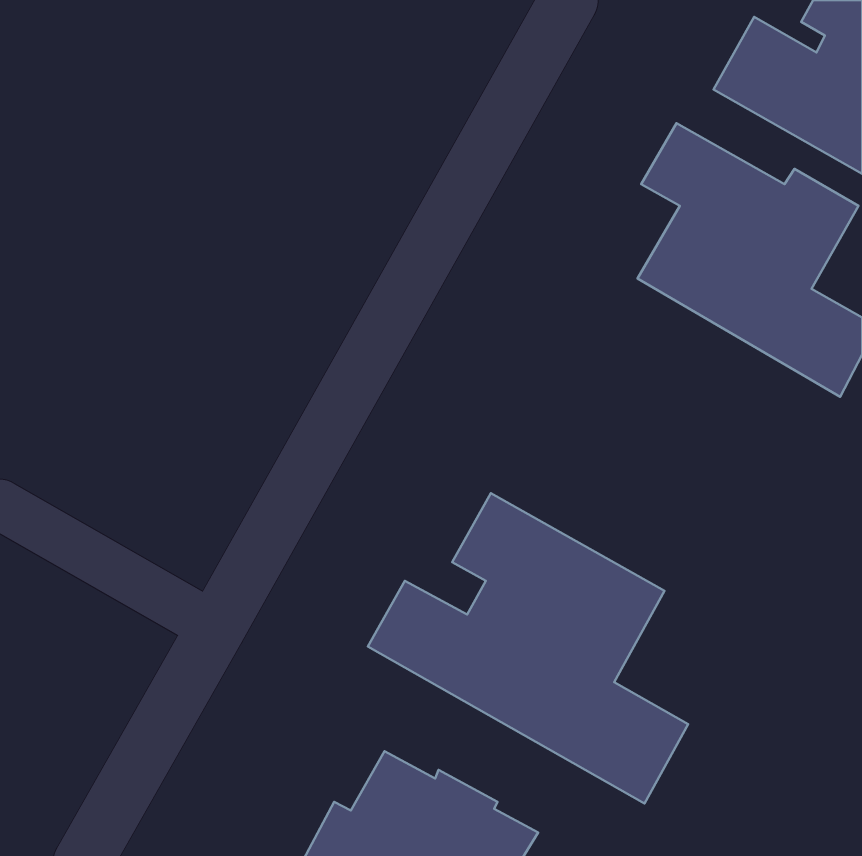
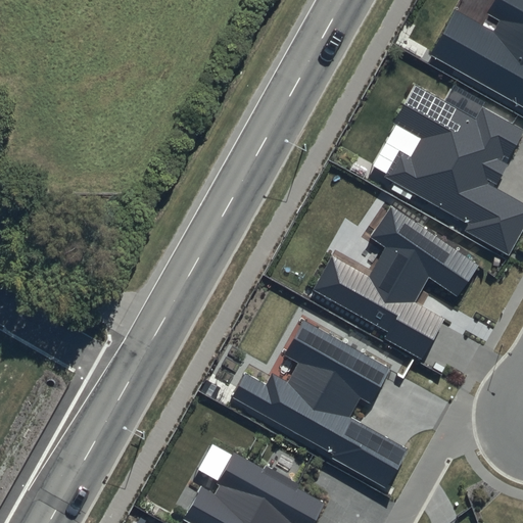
building: none -> [314,204,474,353]

